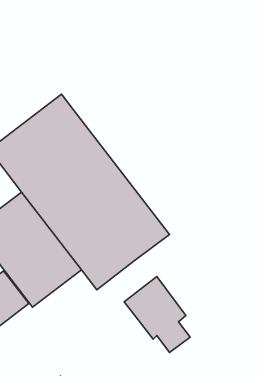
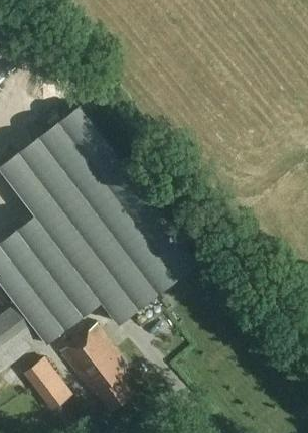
building: [124,276,190,353] -> [59,326,133,411]
building: none -> [24,359,71,411]

